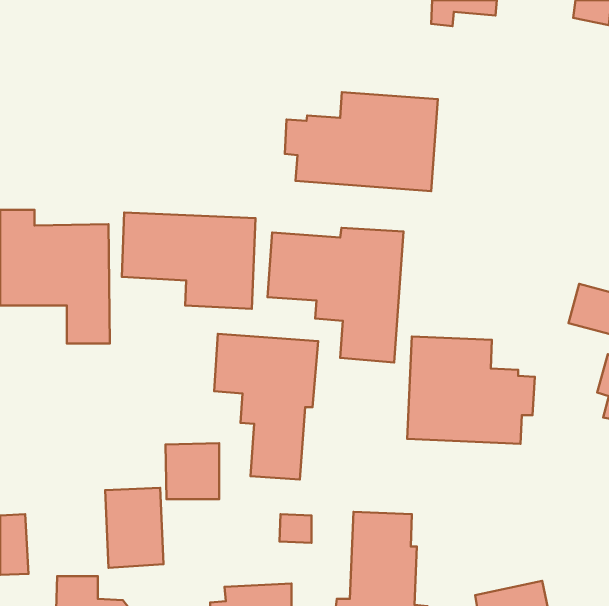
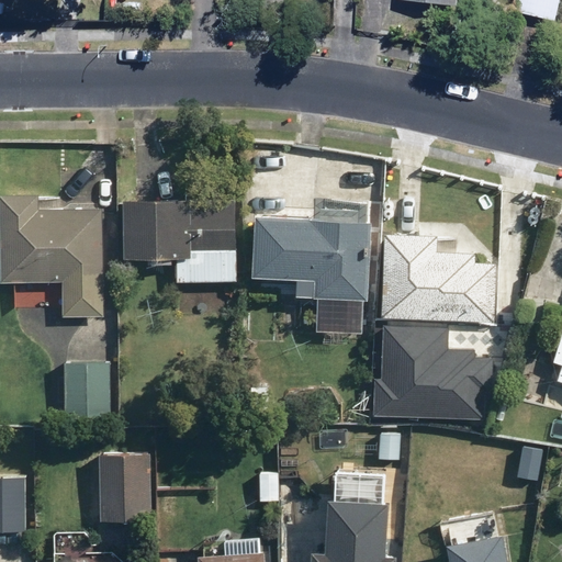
building: [285,92,438,191] -> none
building: none -> [381,229,497,313]
building: [214,334,318,480] -> none
building: [165,443,219,499] -> [61,366,111,417]

